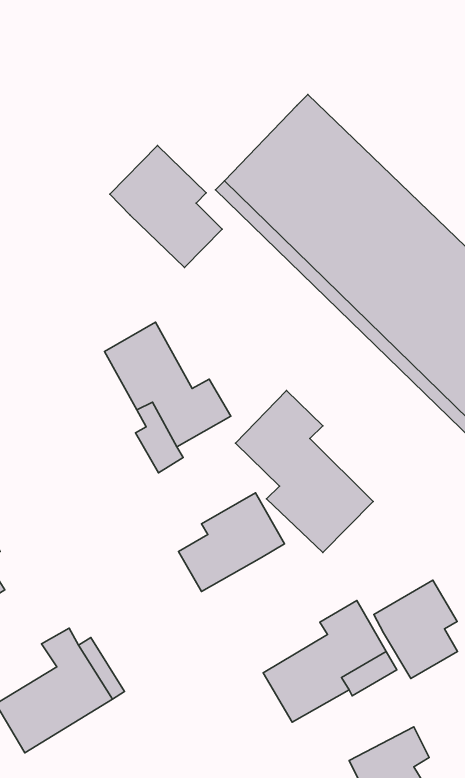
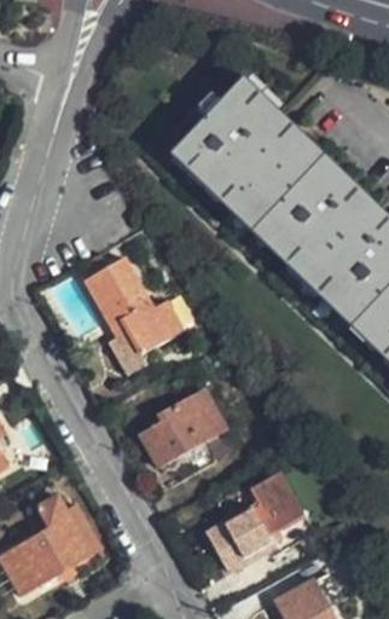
building: [110,146,222,268] -> none
building: [236,390,373,552] -> none
building: [374,580,458,679] -> none

